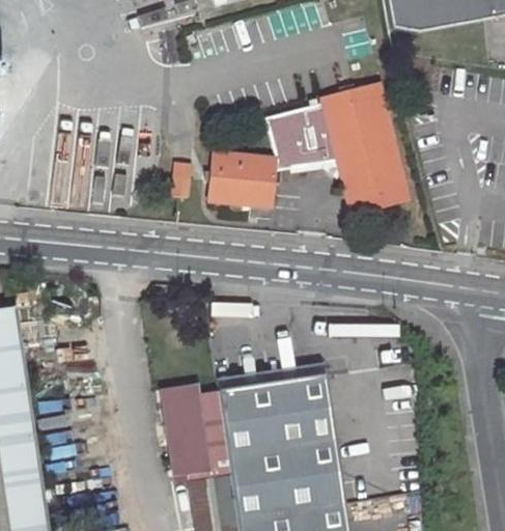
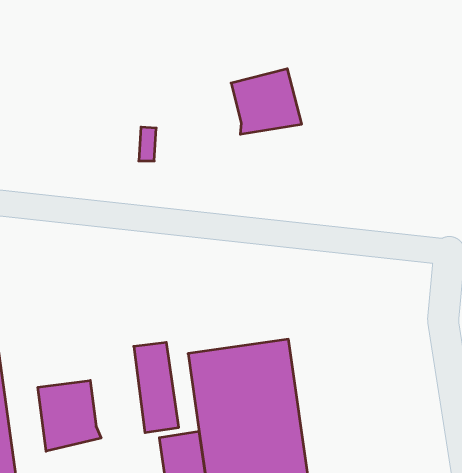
building: [319,80,405,209] -> none
building: [208,152,276,205] -> none
building: none -> [38,380,101,451]

